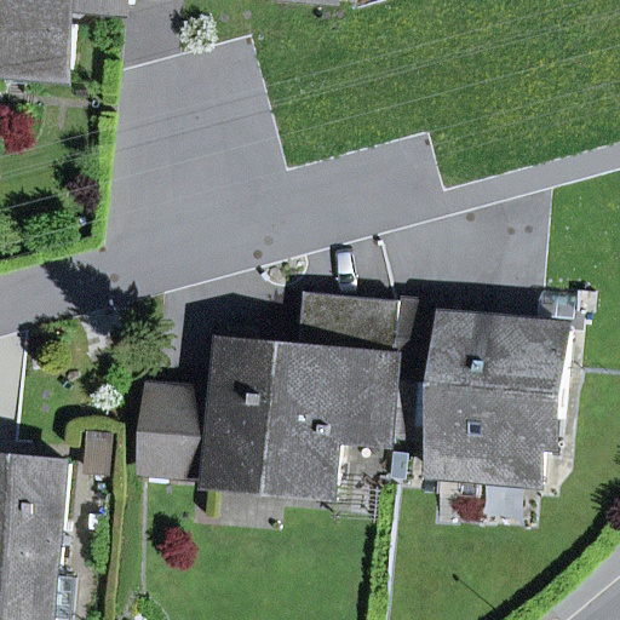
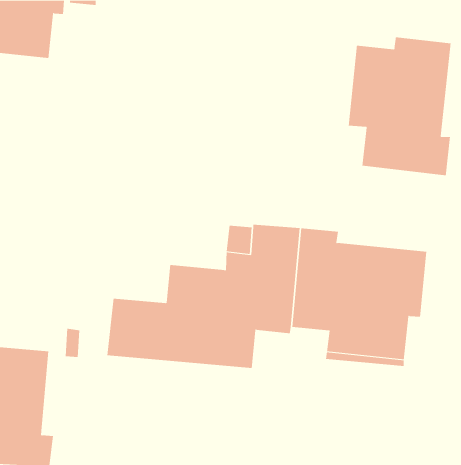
building: none -> [348,36,451,176]

